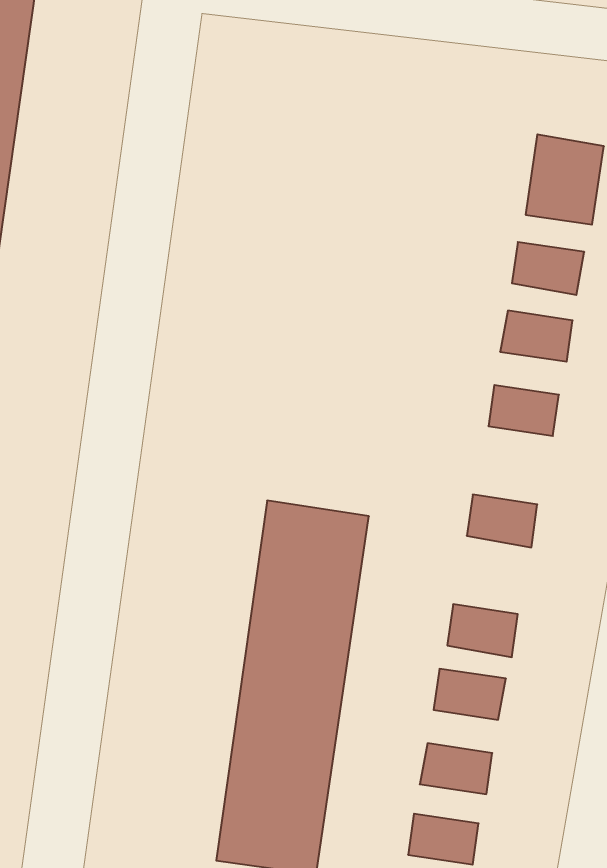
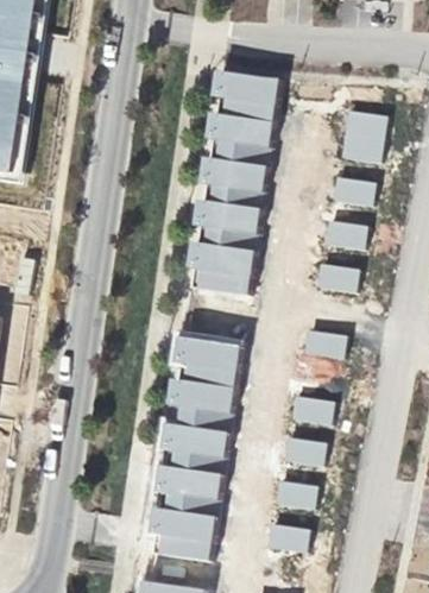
building: none -> [188,70,282,292]

